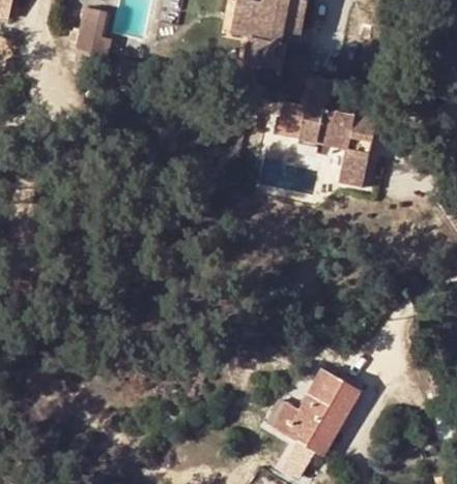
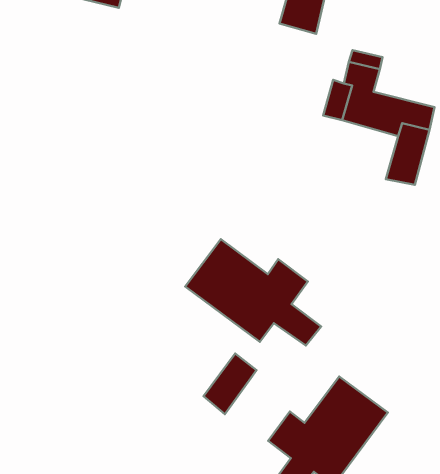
building: none -> [185,239,321,346]
building: none -> [204,354,257,414]

